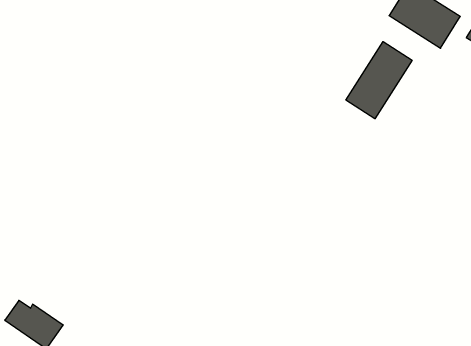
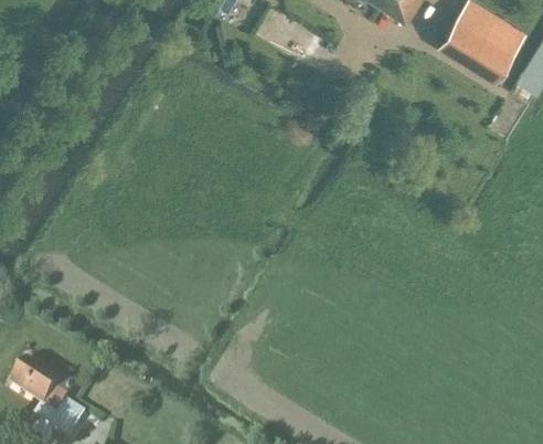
building: [346,42,412,119] -> none

